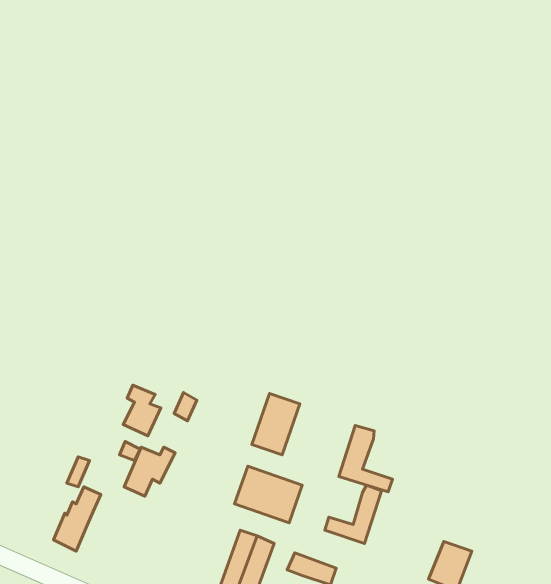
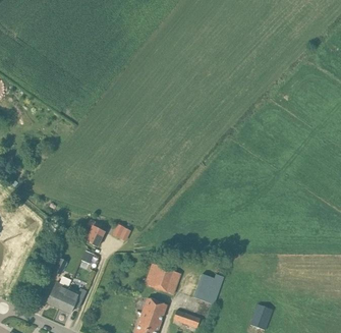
building: [252,394,300,455] -> none
building: [339,425,393,492] -> none
building: [124,447,175,496] -> [59,287,87,314]

